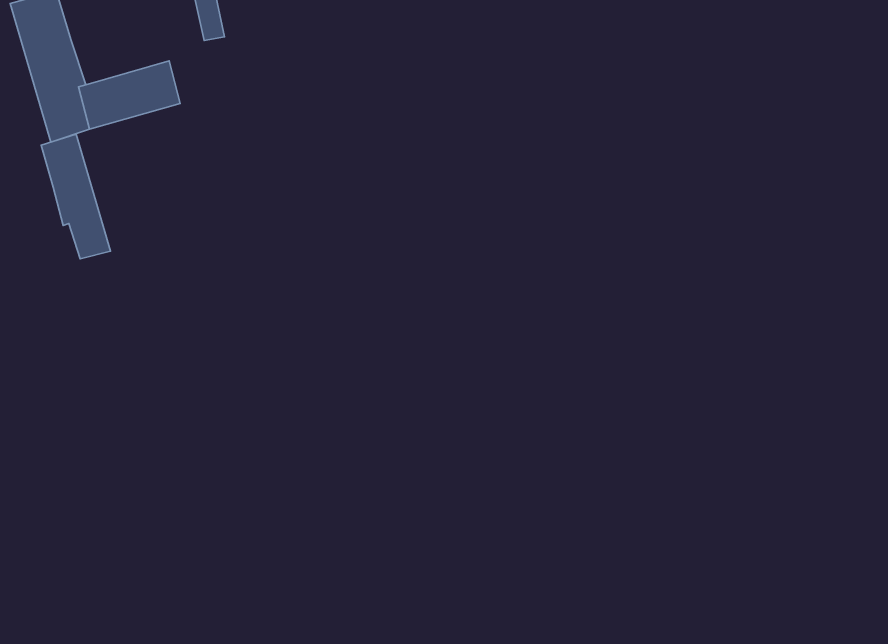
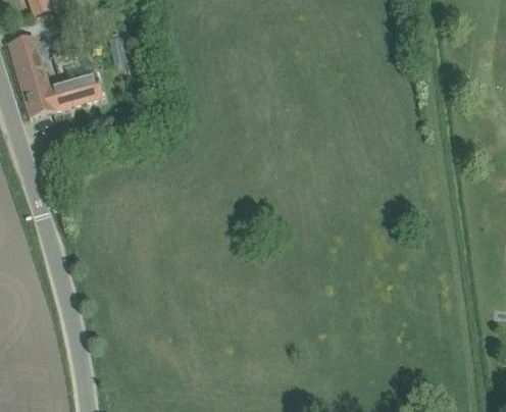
building: [41,134,111,259] -> none

